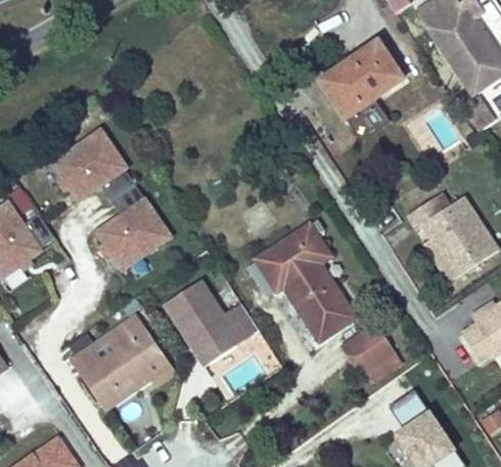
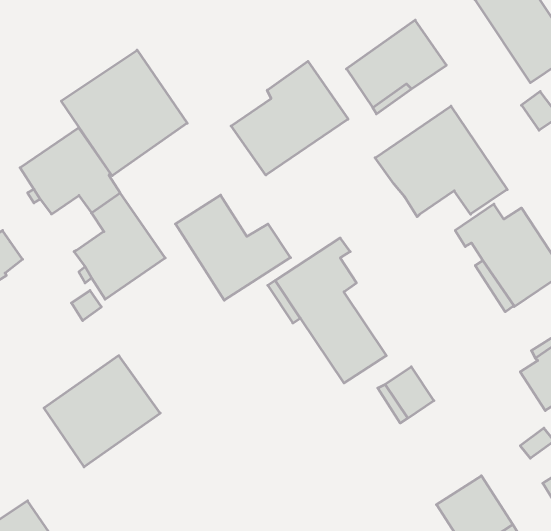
building: none -> [61,50,187,176]
building: none -> [231,61,348,175]
building: none -> [375,106,507,217]
building: [164,279,258,365] -> [175,195,291,300]
building: [392,392,431,431] -> none

